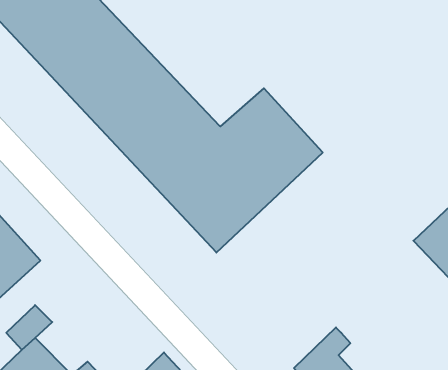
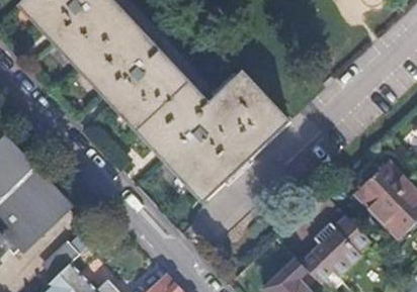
building: none -> [302,214,370,282]

